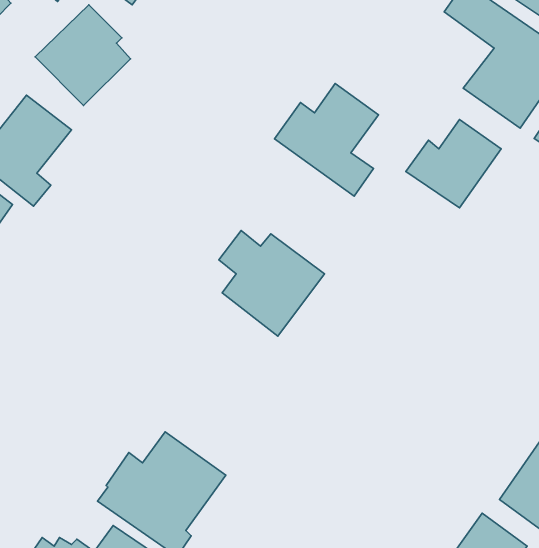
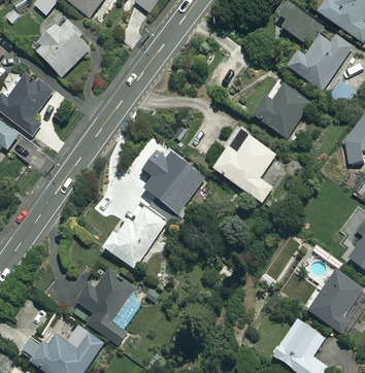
building: [275,83,379,196] -> [213,136,275,203]
building: none -> [102,207,165,268]

